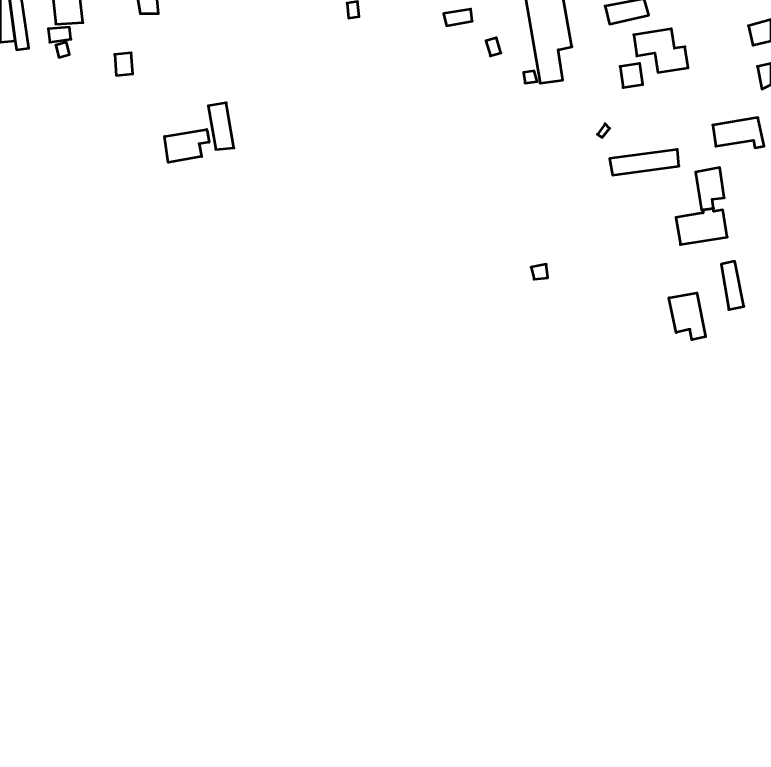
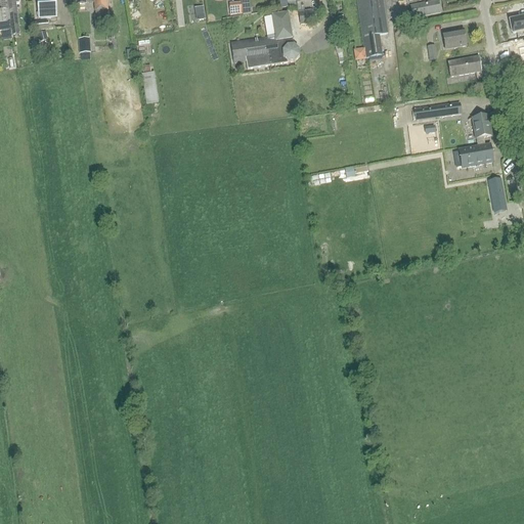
building: none -> [230,11,299,63]
building: [713,118,764,148] -> [447,55,482,76]
building: [165,129,209,162] -> none
building: [669,293,706,340] -> none

